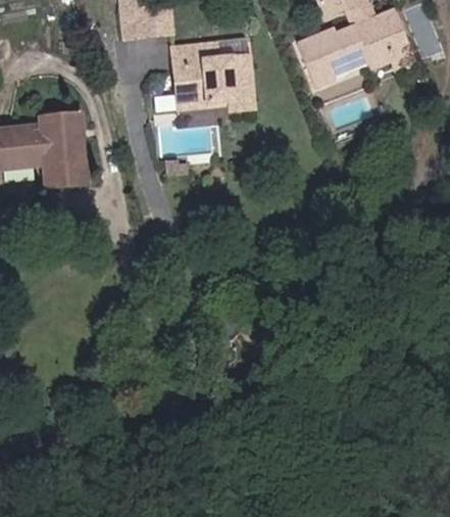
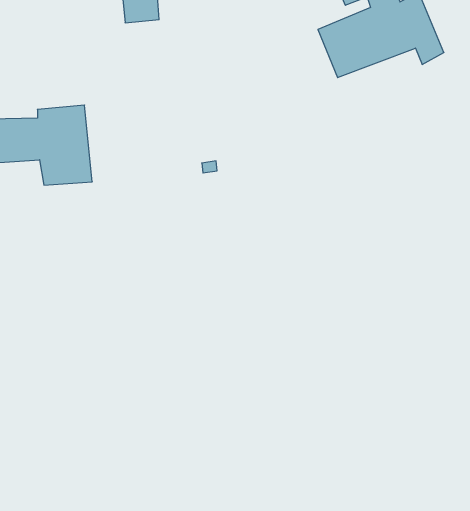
building: [173,39,254,110] -> none

